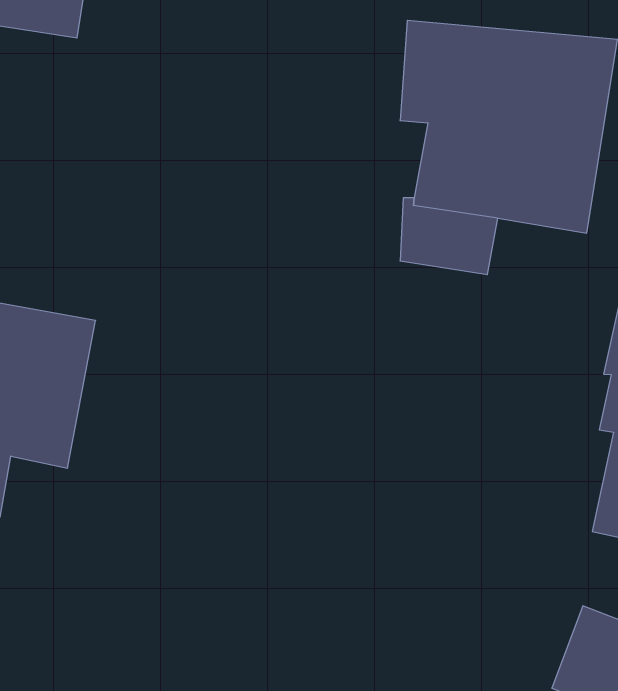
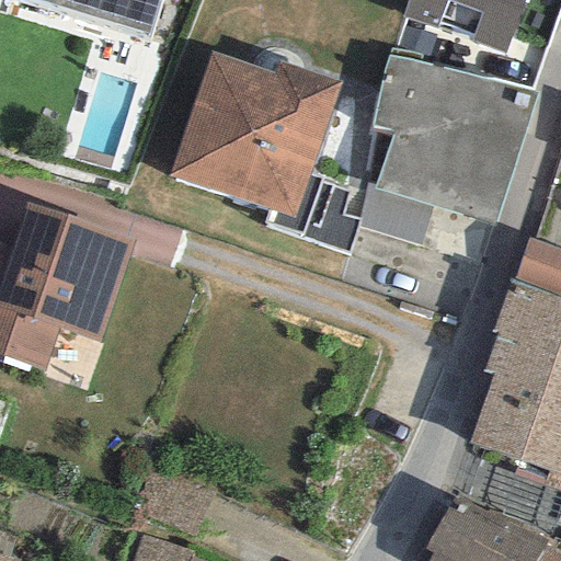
building: none -> [170,50,339,217]

